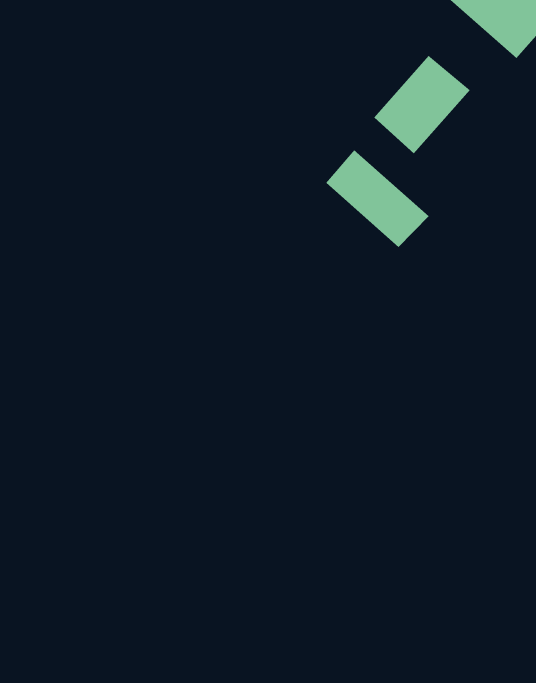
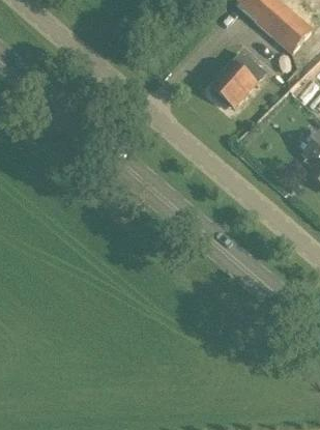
building: [326,150,429,248] -> none

